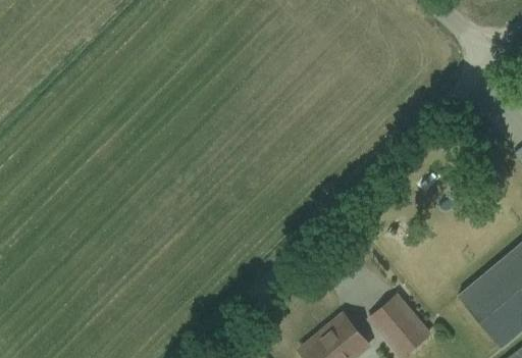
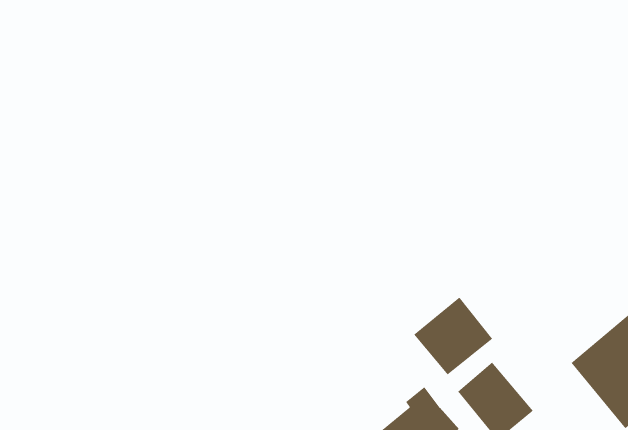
building: none -> [413,296,493,376]

